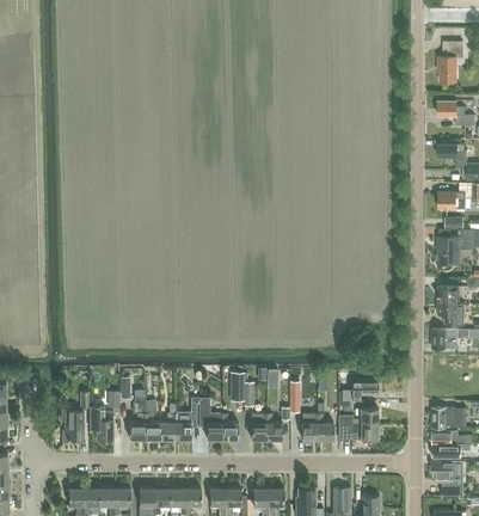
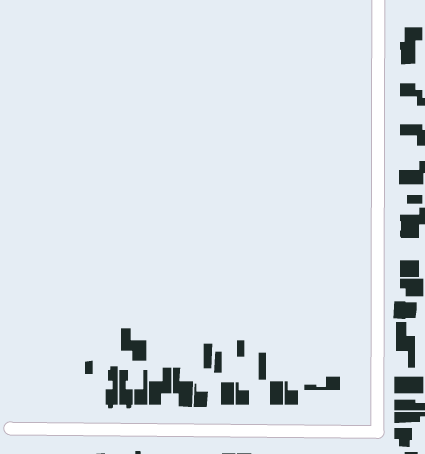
building: none -> [395,321,416,368]
building: none -> [120,327,147,362]
building: [343,380,377,400] -> none
building: [90,406,113,440] -> none
building: [61,410,84,443] -> none
building: [338,423,377,440] -> none

